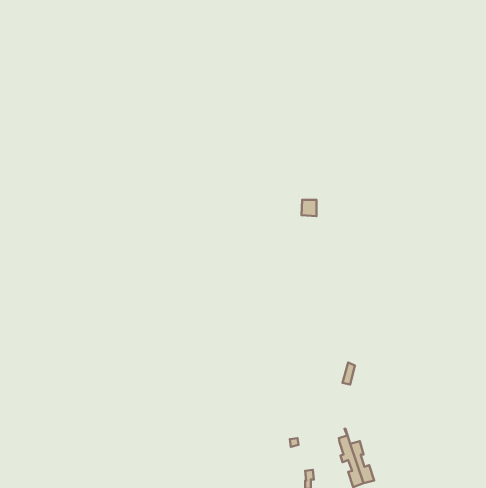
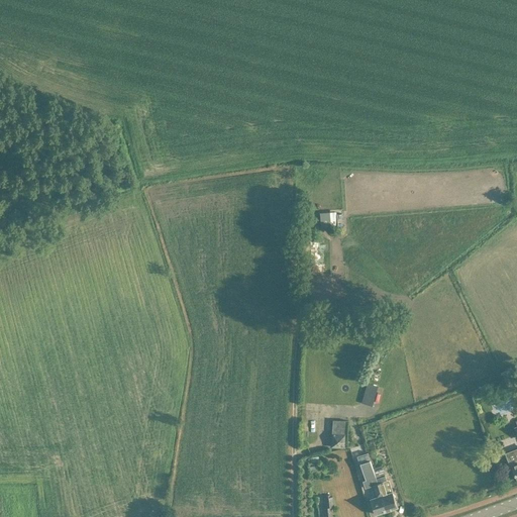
building: none -> [328,420,344,448]

